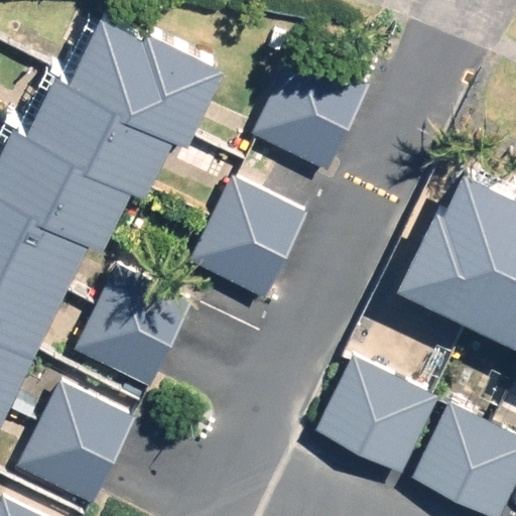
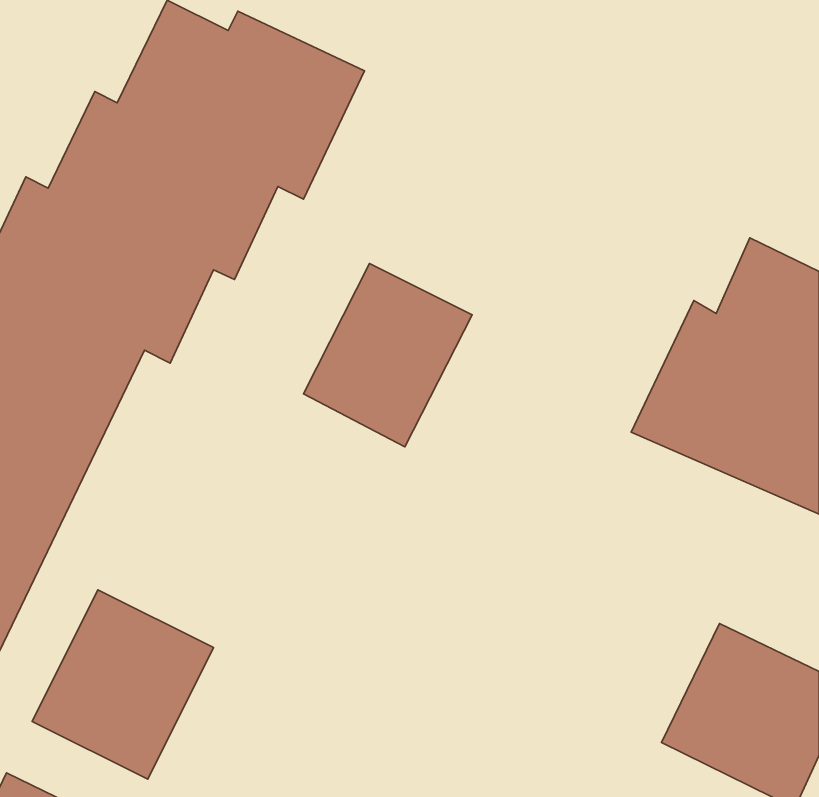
building: [253,56,357,168] -> none
building: [77,268,194,389] -> none
building: [319,359,437,473] -> none

